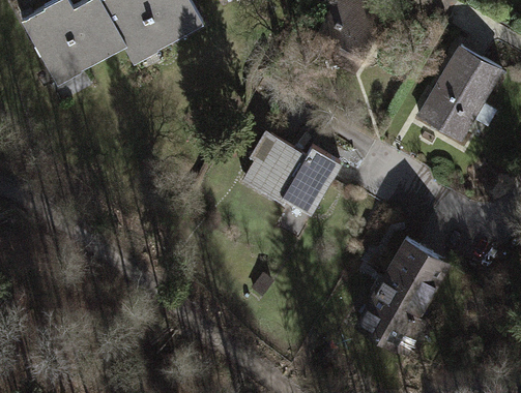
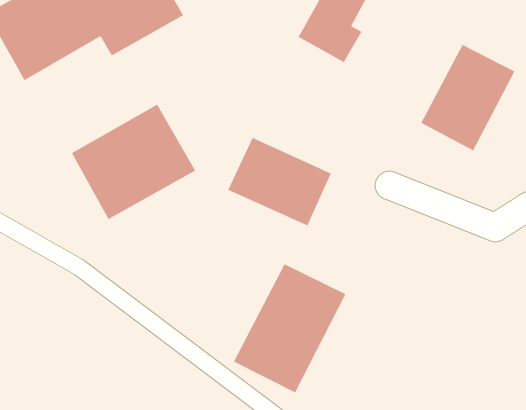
building: none -> [71,103,196,220]
building: [354,234,458,353] -> [233,263,346,393]

